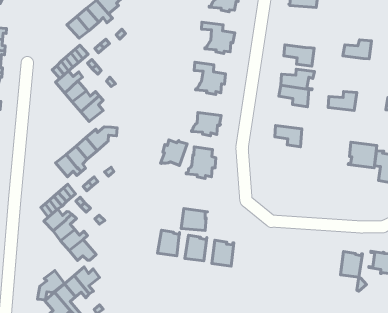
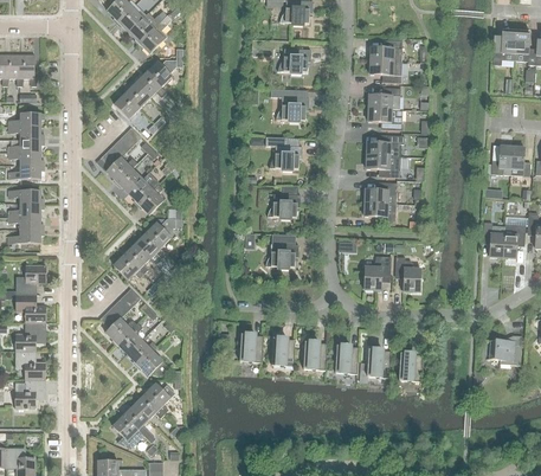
building: none -> [369,60,401,82]
building: [343,40,372,59] -> [368,86,400,108]
building: [328,91,357,111] -> [365,181,397,202]
building: [161,140,187,165] -> none
building: [348,142,377,168] -> none
building: none -> [365,255,391,289]
building: none -> [395,256,420,291]
building: [181,208,207,231] -> none
building: none -> [335,343,359,373]
building: [341,251,363,277] -> [399,352,423,380]
building: none -> [367,348,391,377]
building: [38,270,65,300] -> none

